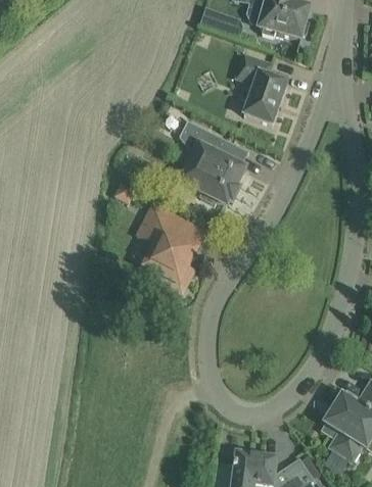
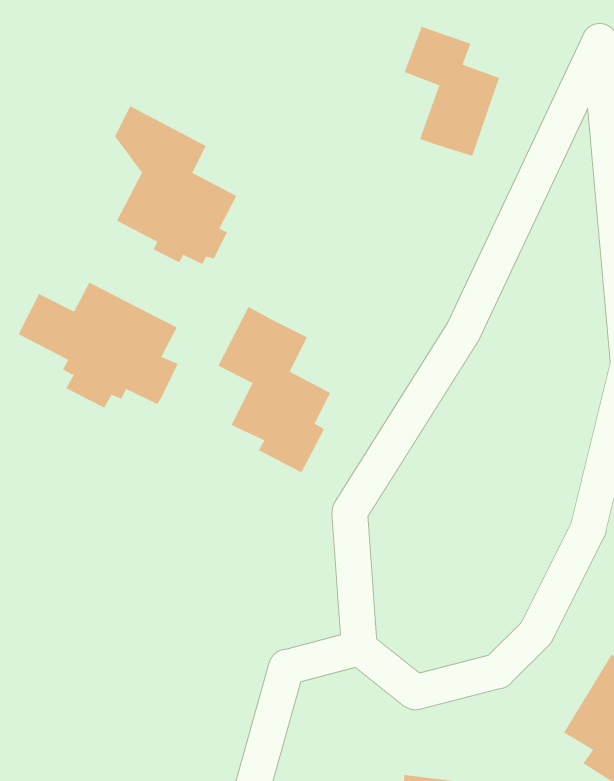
building: [180,118,245,203] -> [114,106,237,265]
building: none -> [18,282,178,409]

